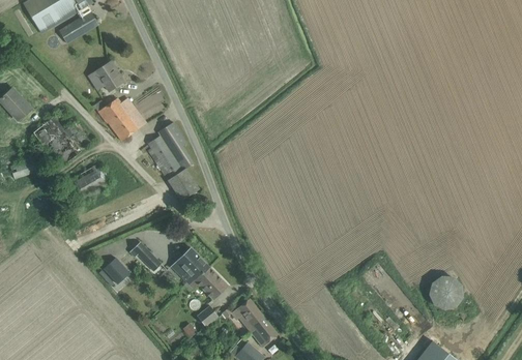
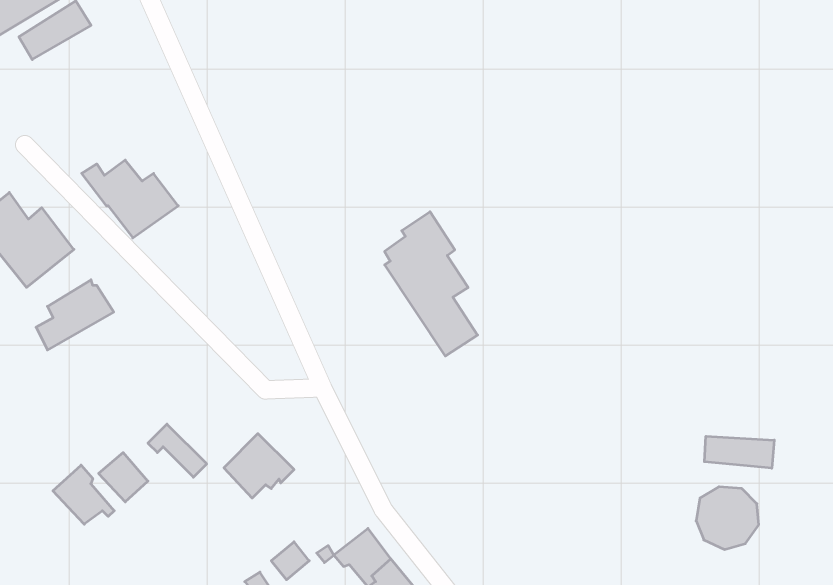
building: [95,62,124,90] -> none
building: [148,121,199,200] -> [385,212,478,356]
building: none -> [704,436,774,468]
building: none -> [53,465,114,524]
building: [186,266,228,299] -> none

